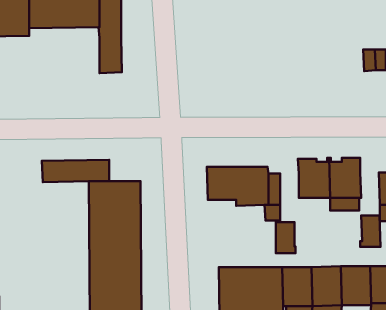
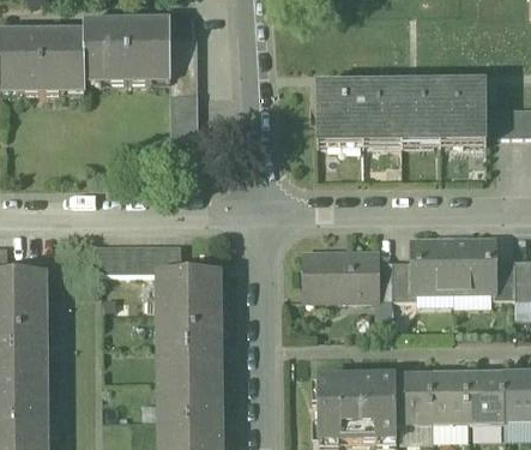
building: none -> [315,82,484,136]
building: [360,216,381,247] -> [489,258,514,296]
building: [276,222,295,253] -> [392,259,416,298]

